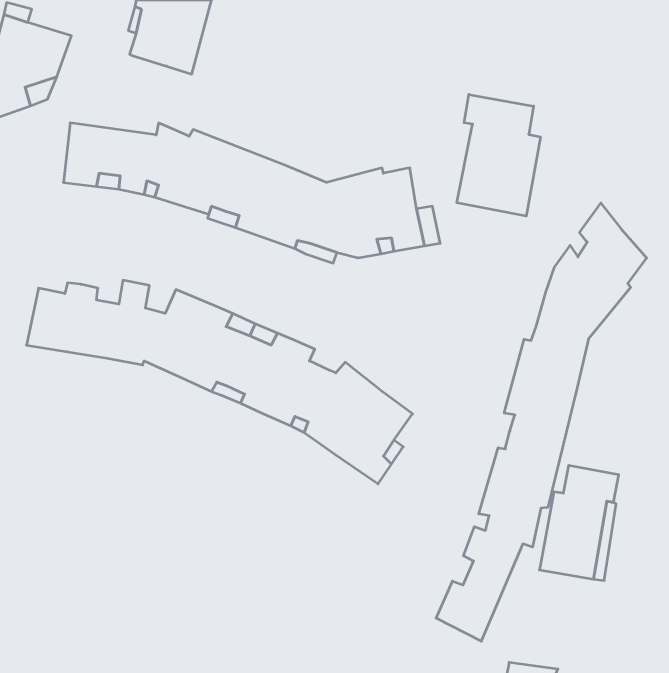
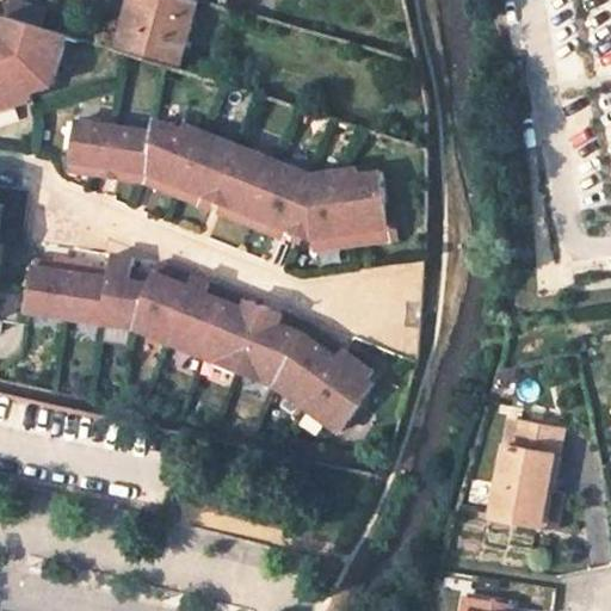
building: [457,94,540,216] -> none
building: [436,203,647,641] -> none

